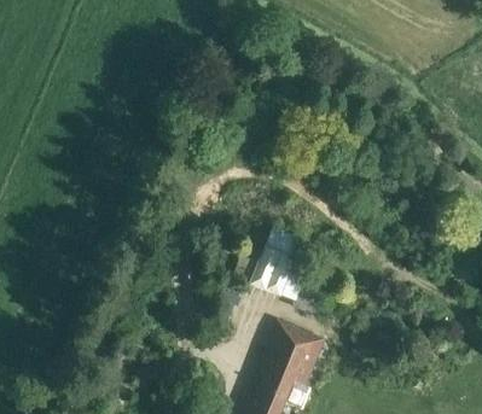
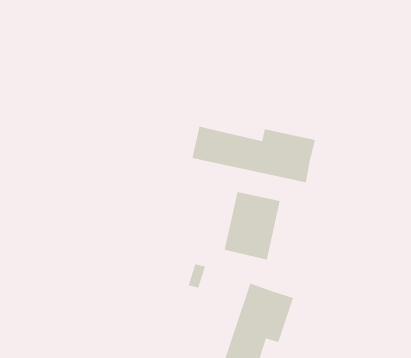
building: none -> [192,126,315,183]

